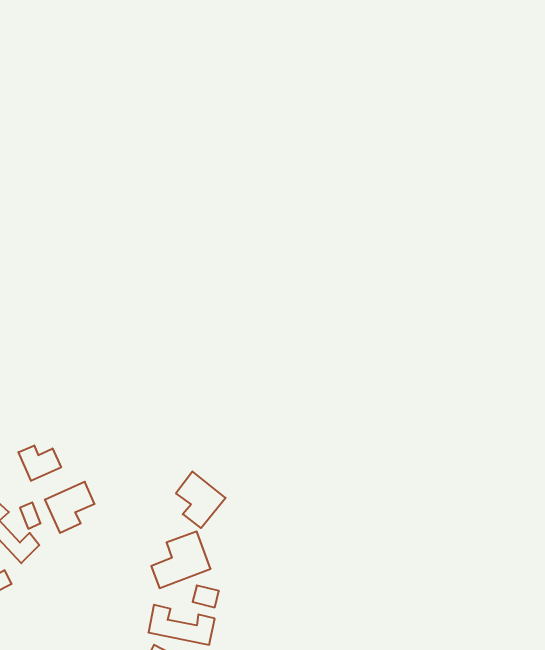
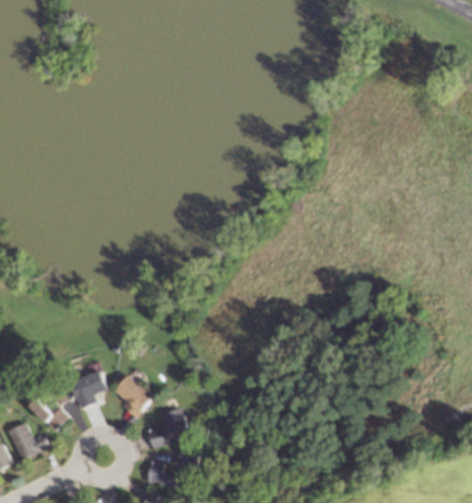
building: [18,445,61,481] -> none
building: [176,471,226,528] -> [118,374,154,416]

